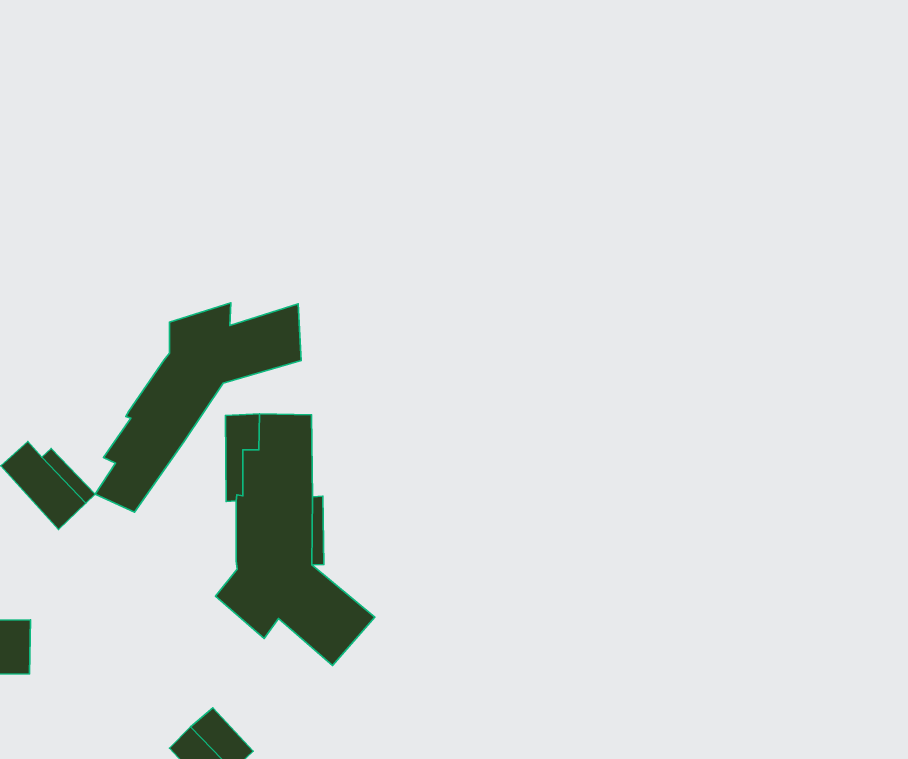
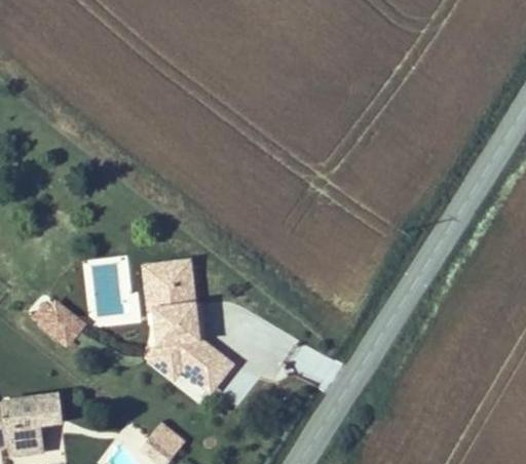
building: [95,303,301,512] -> none

